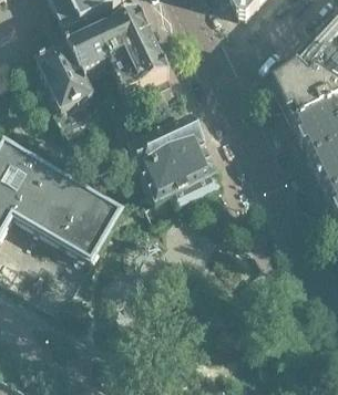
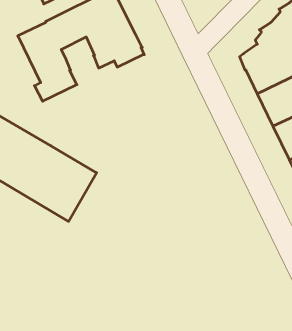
building: [129,113,222,216] -> none

